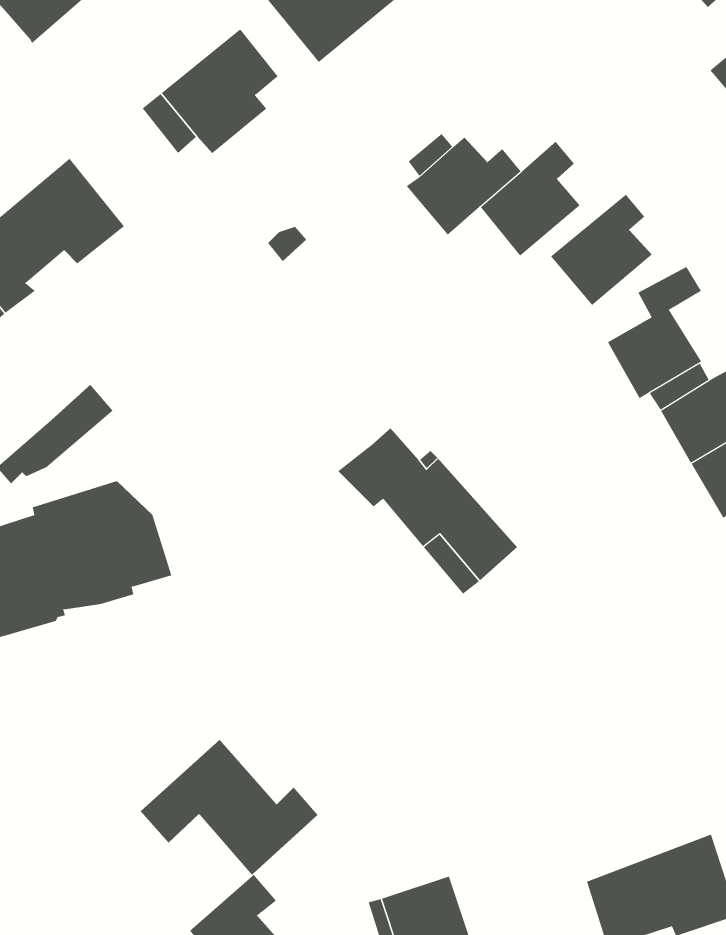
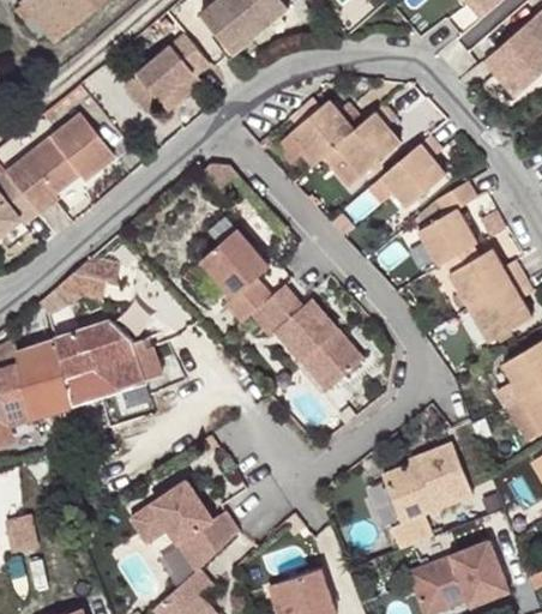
building: none -> [203,229,270,321]
building: none -> [379,443,469,549]

